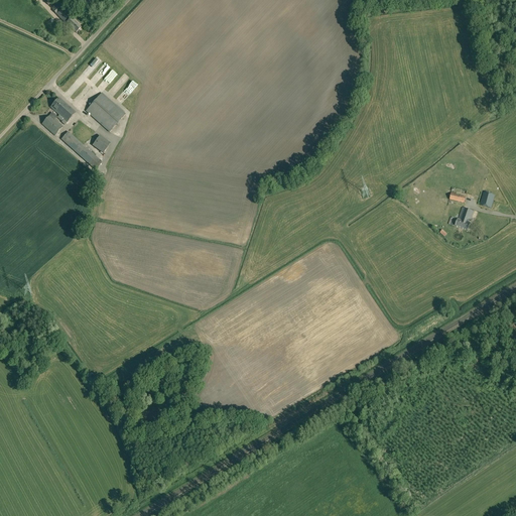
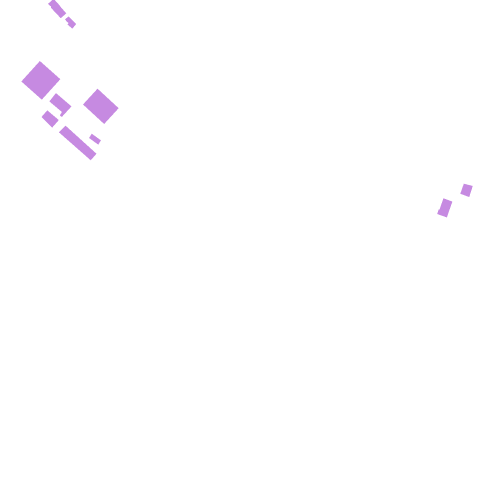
building: none -> [20,60,61,101]

